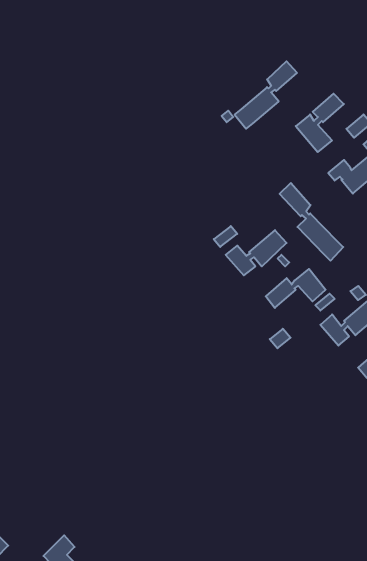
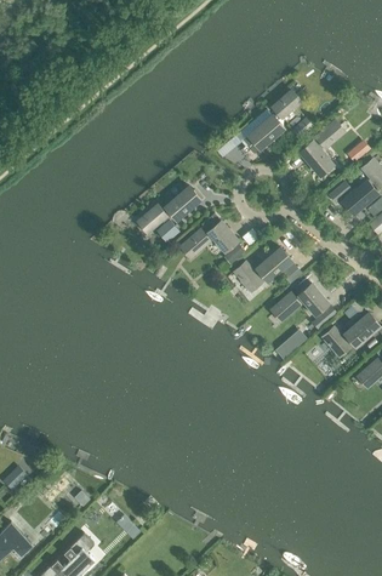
building: none -> [138,186,200,240]
building: [280,183,343,261] -> none
building: none -> [181,212,238,256]

